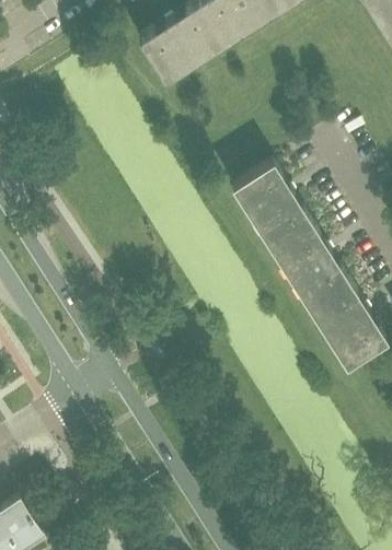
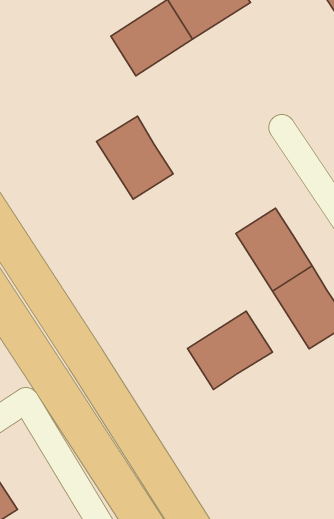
building: [231,162,311,248] -> [96,116,173,199]
building: none -> [187,311,272,390]

